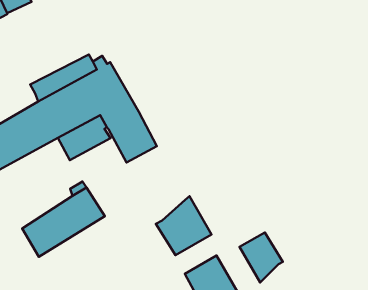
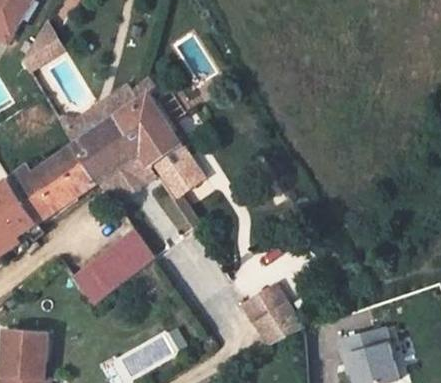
building: [156,196,211,255] -> none
building: [240,232,283,283] -> none

